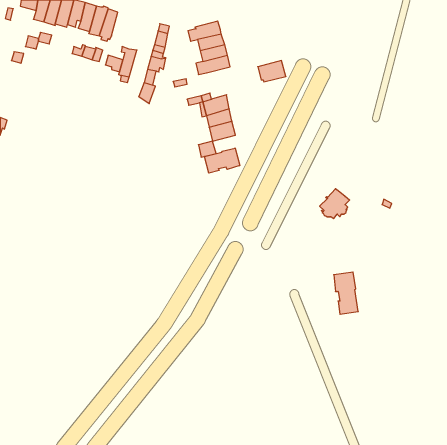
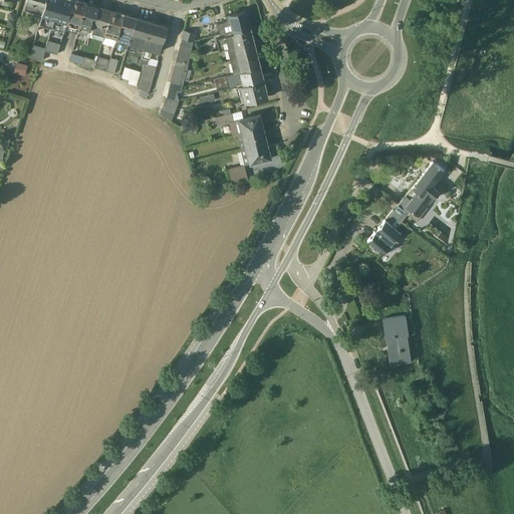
building: none -> [218,11,251,36]
building: none -> [130,18,168,60]
building: [258,61,286,82] -> [238,80,270,104]
building: none -> [387,162,445,229]
building: [204,148,240,173] -> none

